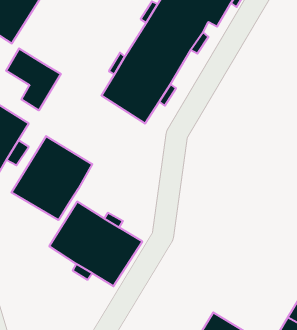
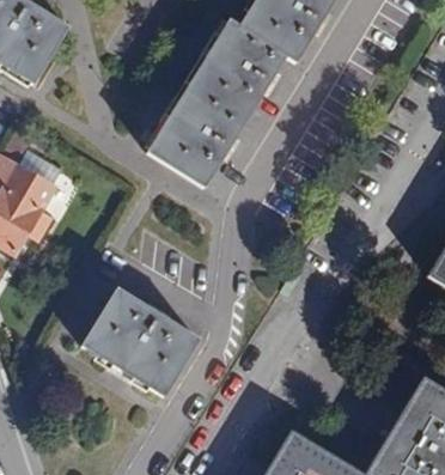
building: [6,48,61,110] -> none
building: [11,136,92,220] -> none

